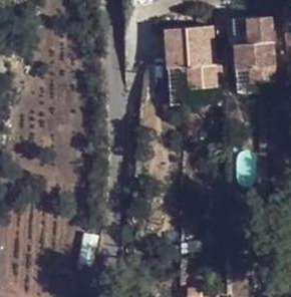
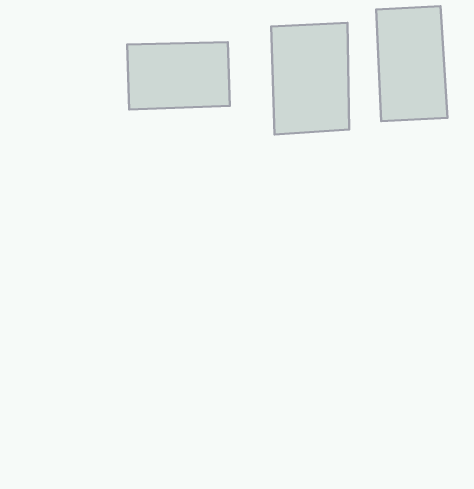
building: none -> [127,42,230,110]

